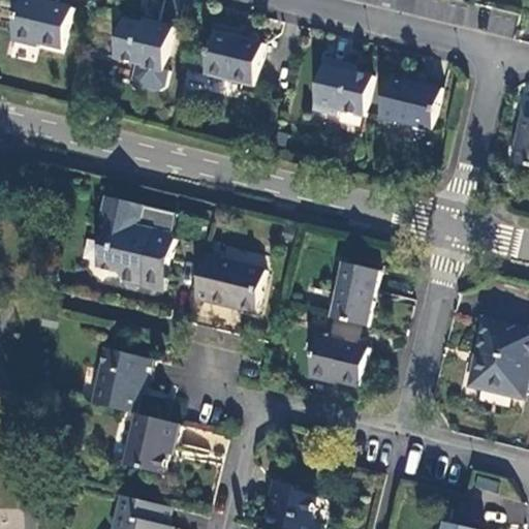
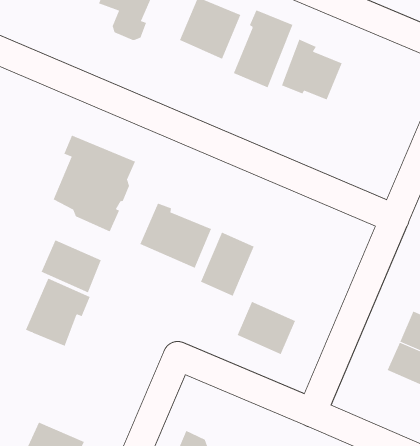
building: none -> [233,10,293,88]
building: [378,80,439,131] -> none
building: [329,261,378,325] -> [200,232,255,297]
building: none -> [41,240,102,293]
building: [124,413,180,472] -> none

